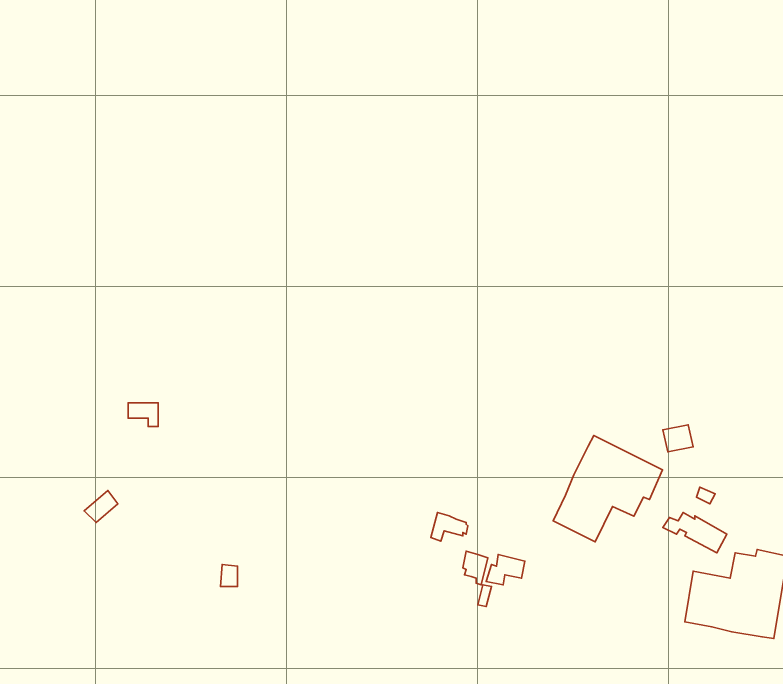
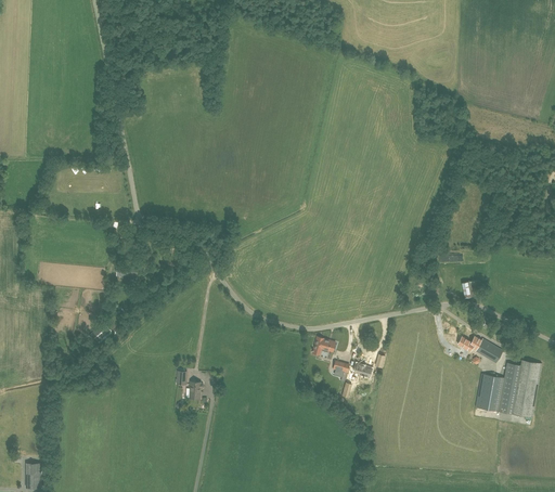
building: [553,435,662,542] -> none

